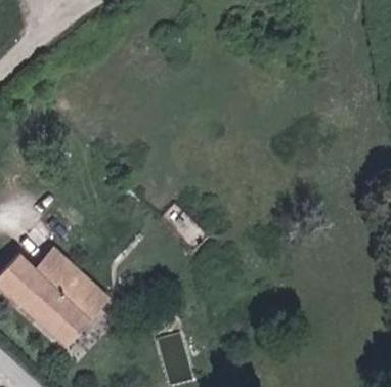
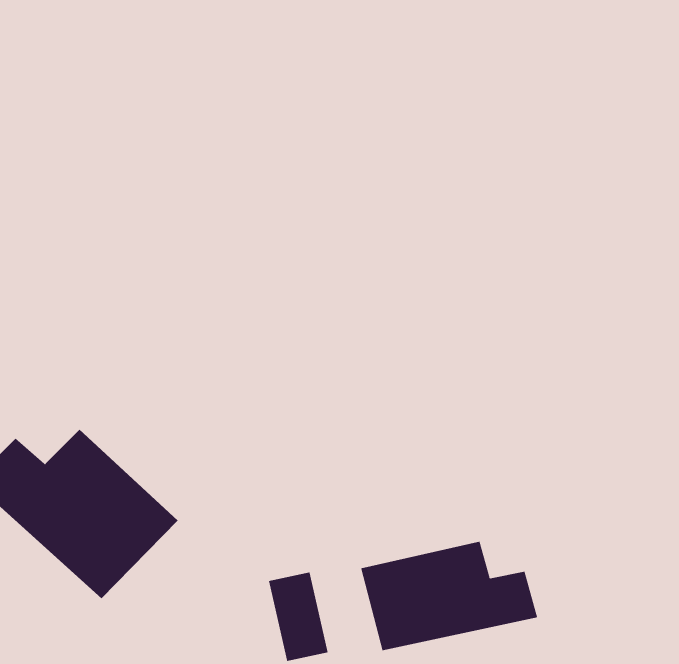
building: none -> [361,541,538,651]

